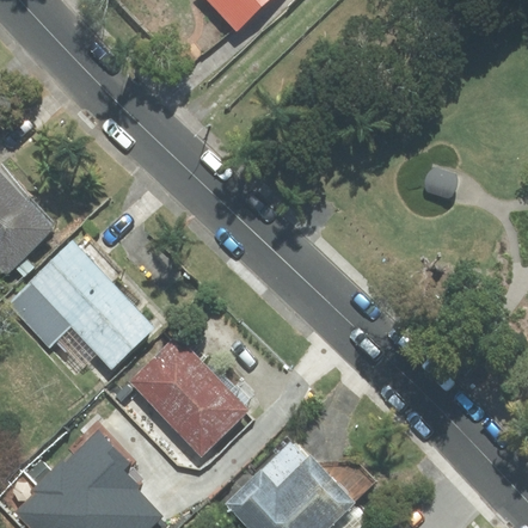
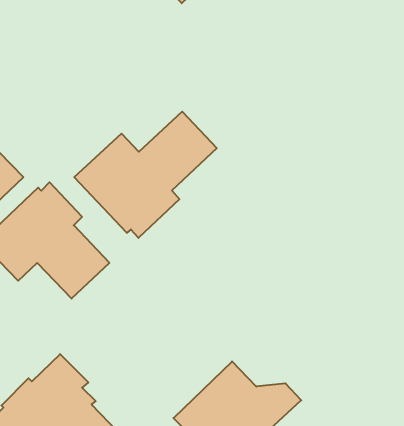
building: none -> [74,112,217,238]
building: [129,337,246,454] -> none

